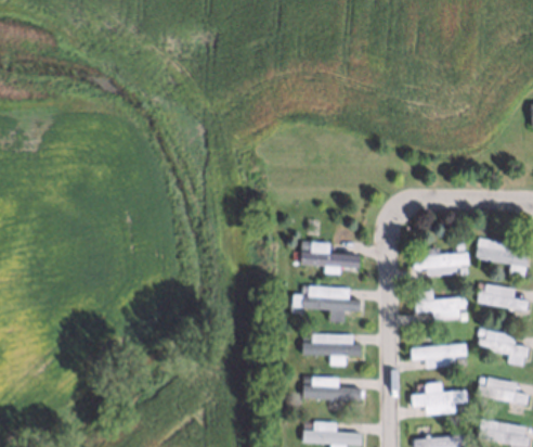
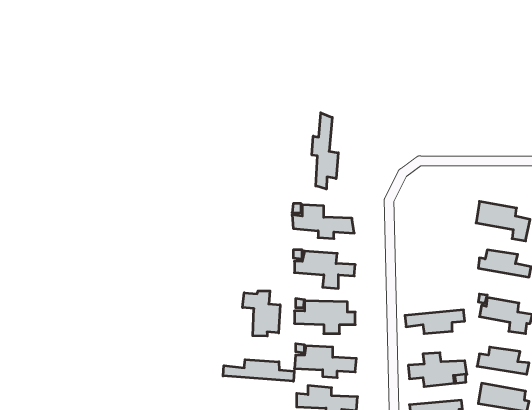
building: none -> [312,113,338,189]
building: [414,250,469,276] -> none
building: [415,292,466,320] -> none
building: none -> [243,291,280,336]
building: none -> [223,360,294,381]

